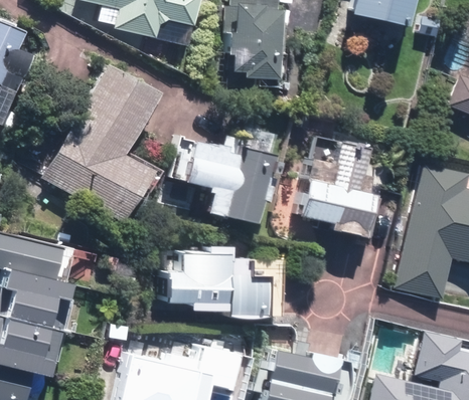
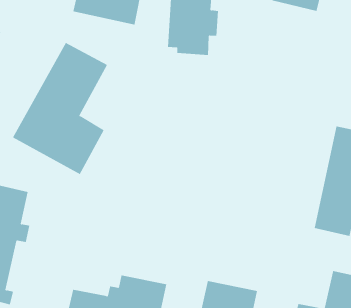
building: [299,139,384,239] -> none
building: [174,141,269,225] -> none
building: [159,246,266,321] -> none

